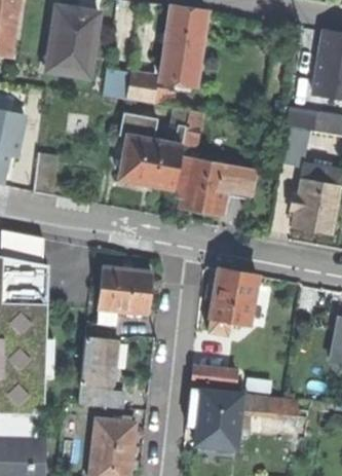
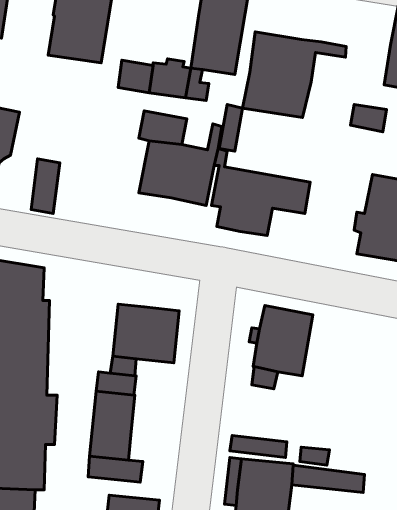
building: none -> [243,32,346,118]

